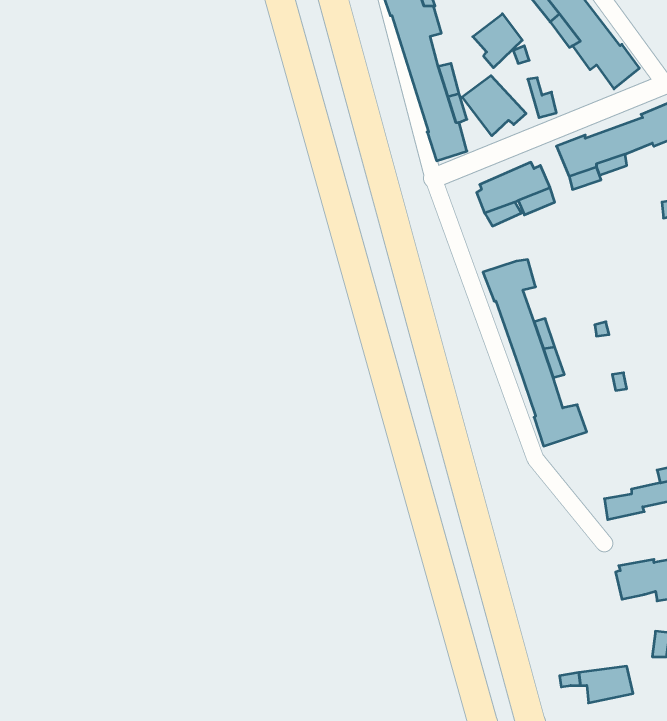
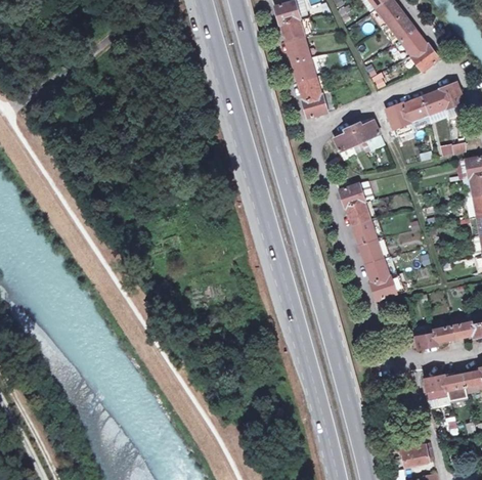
building: [473,14,522,68] -> none
building: [462,76,526,136] -> none

